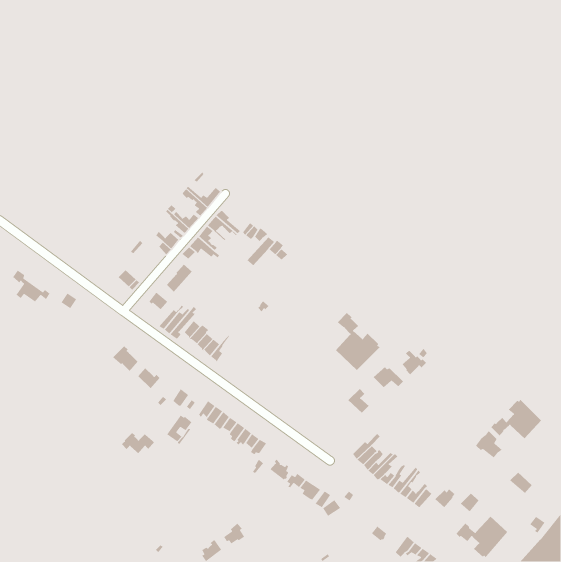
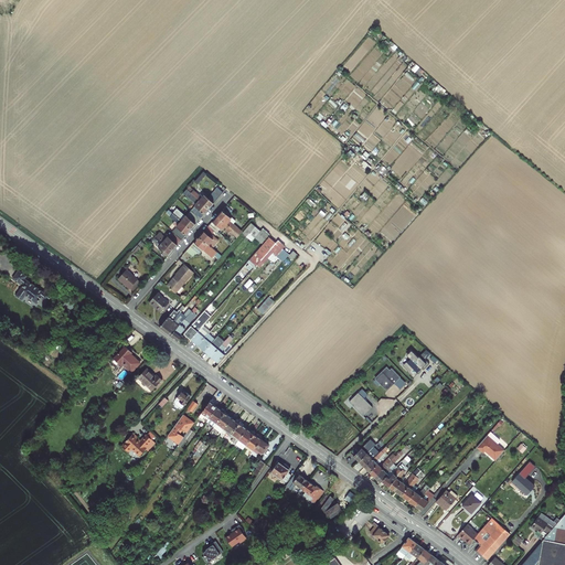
building: [335,312,381,371] -> none
building: [490,398,542,439] -> none

